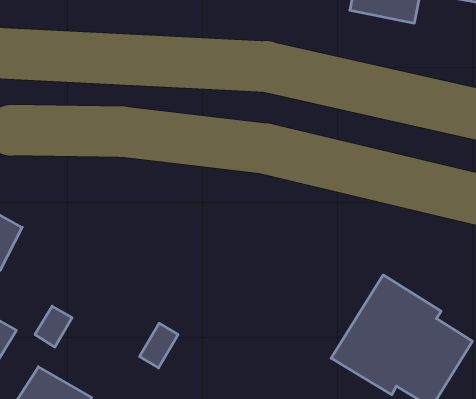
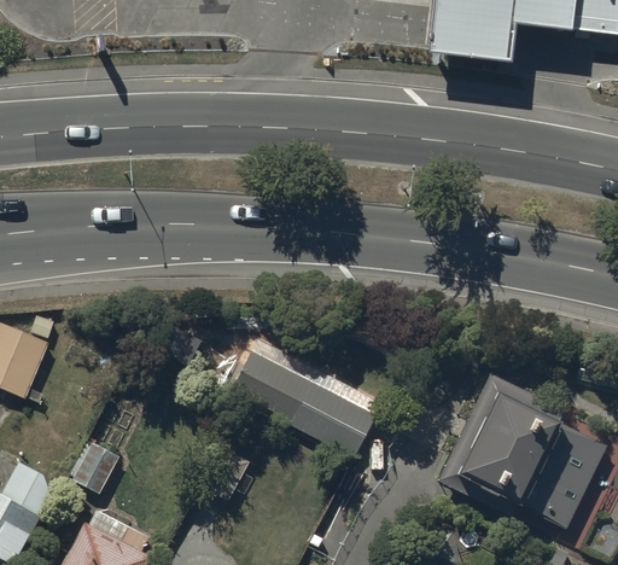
building: none -> [234,346,377,455]

